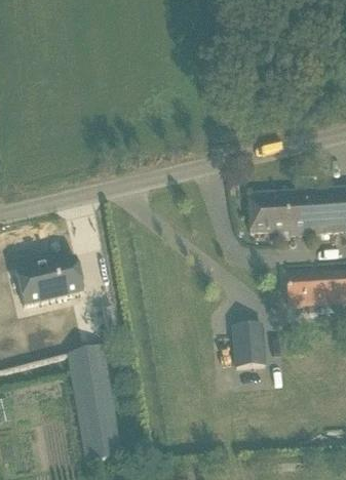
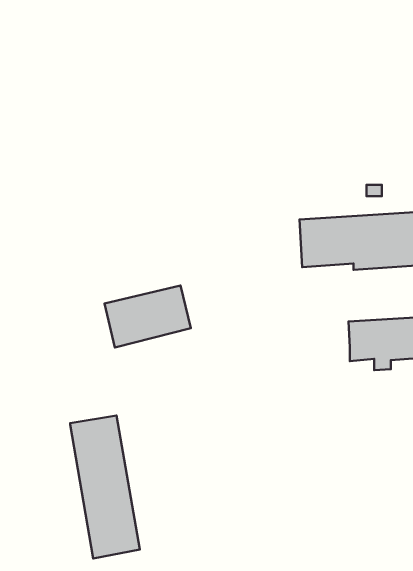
building: [15,256,84,306] -> [105,286,191,347]
building: [233,323,265,366] -> none

